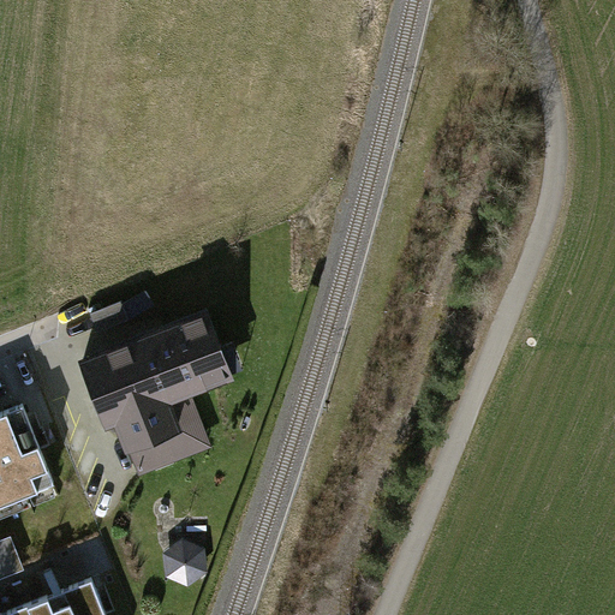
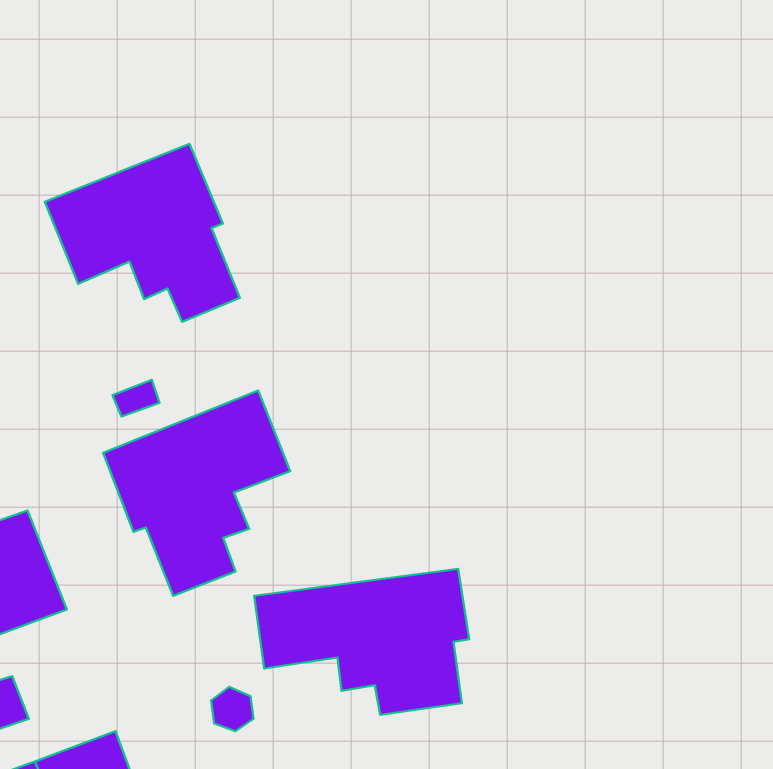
building: none -> [45,144,240,322]
building: none -> [254,569,469,715]

